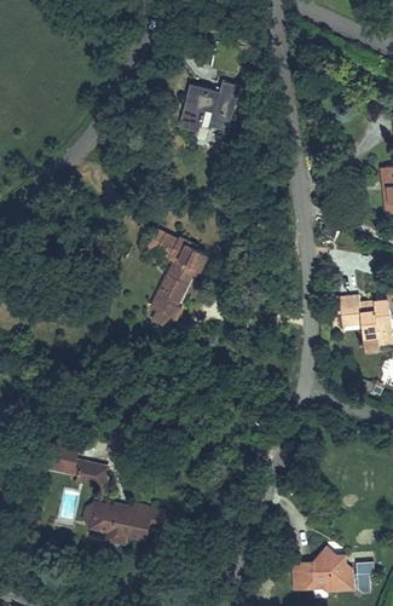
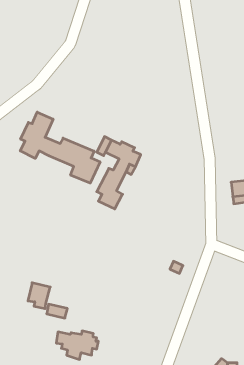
building: [186,80,242,133] -> none
building: none -> [20,112,100,183]

